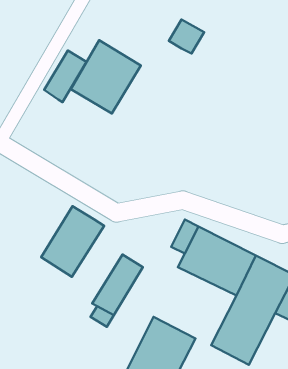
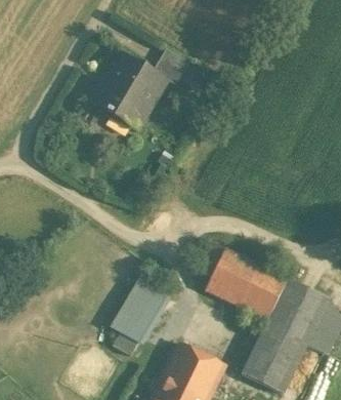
building: [169,19,204,54] -> [154,48,190,84]
building: [44,51,87,102] -> none
building: [41,206,104,277] -> none

